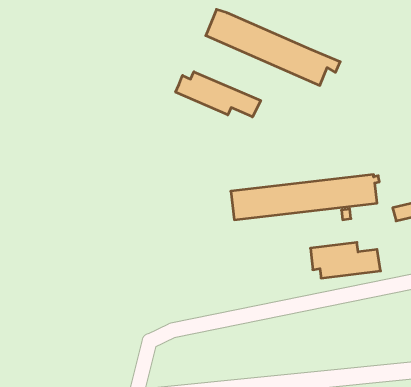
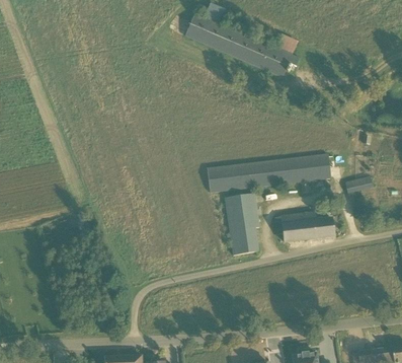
building: [176,72,261,117] -> none
building: none -> [225,194,259,256]

